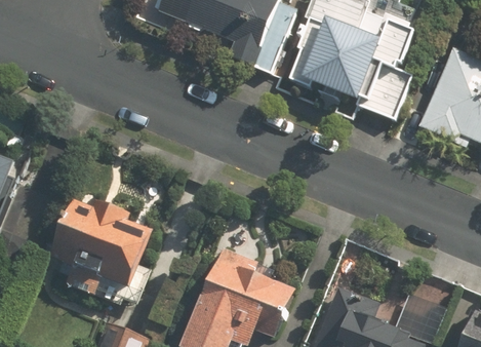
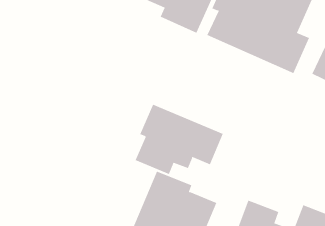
building: none -> [135,104,223,175]
building: [53,194,154,296] -> none

